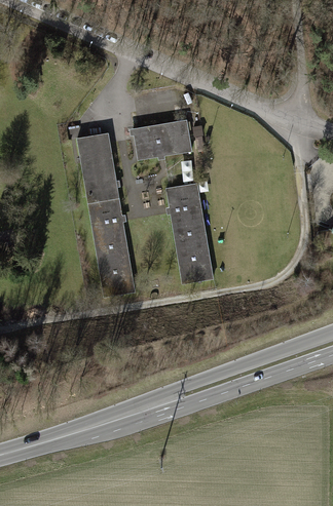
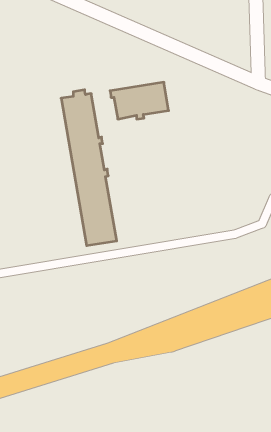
building: [165,183,214,282] -> none

